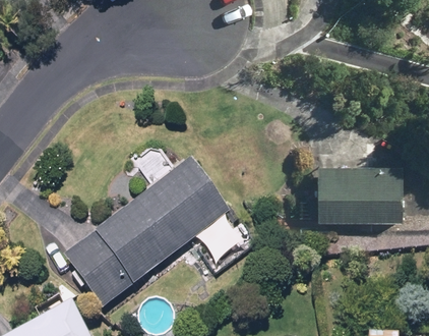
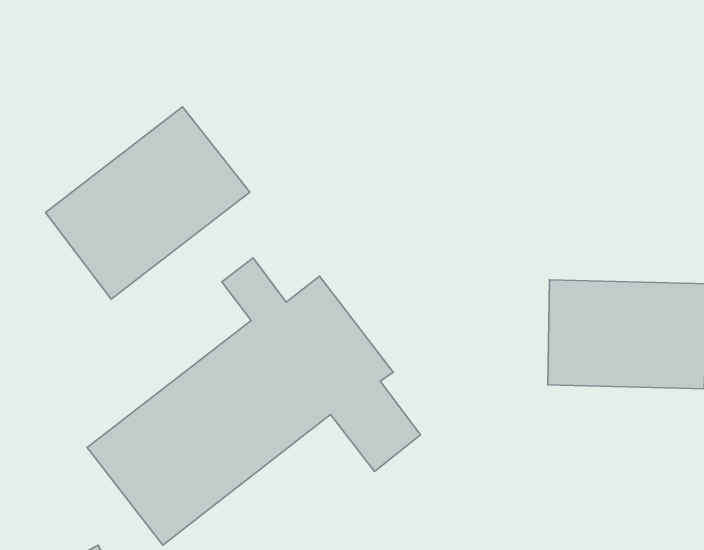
building: none -> [45,107,250,299]

